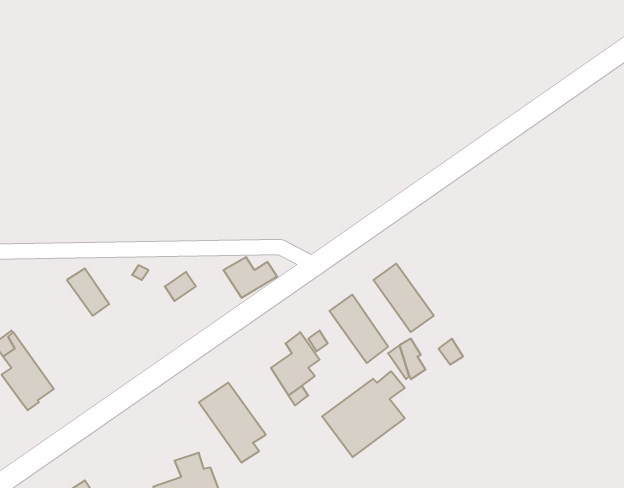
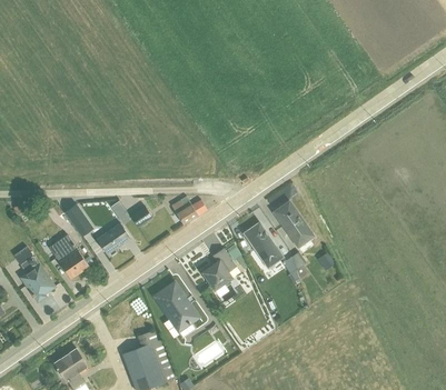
building: none -> [96,223,130,258]
building: none -> [53,234,88,279]
building: [322,371,405,457] -> none

